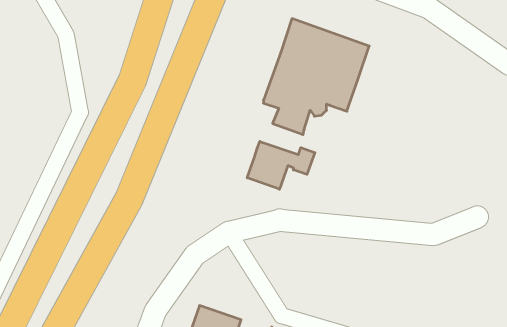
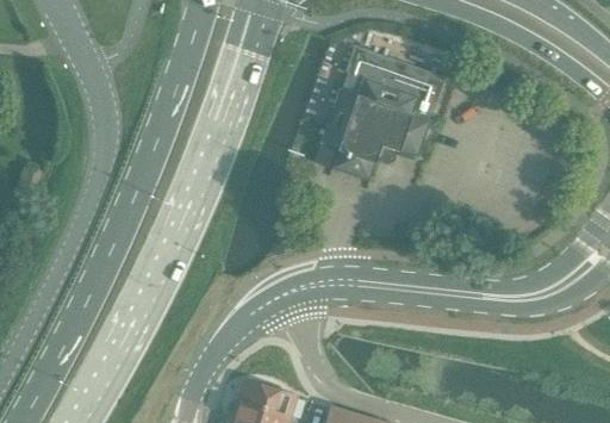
building: [247,141,315,189] -> none

